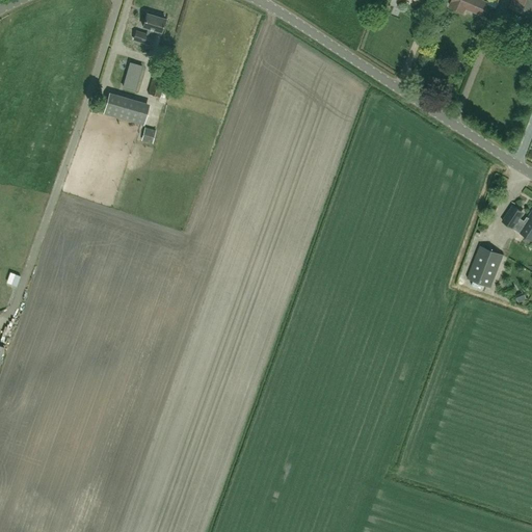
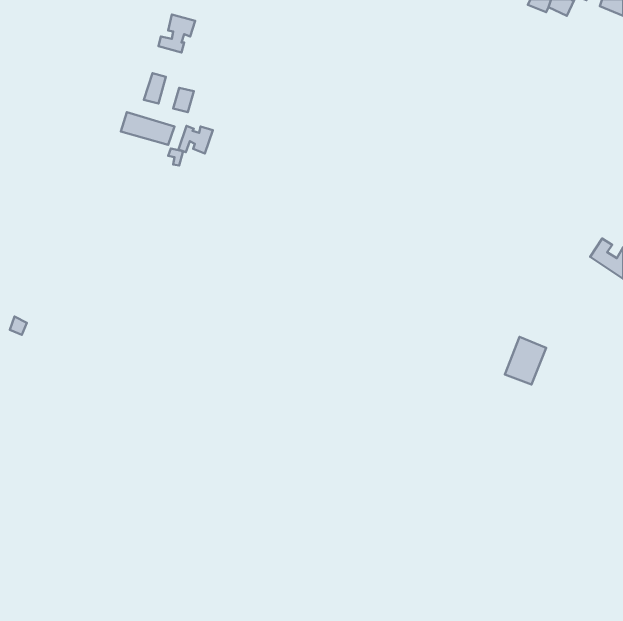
building: none -> [179,126,213,154]
building: [468,245,503,286] -> [505,337,546,384]

